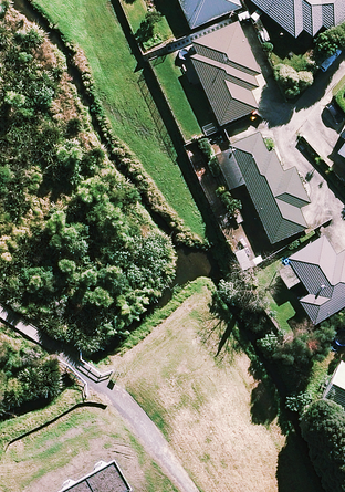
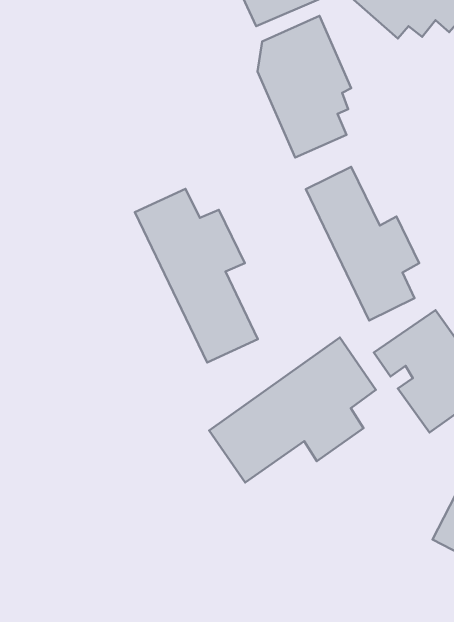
building: none -> [135,189,258,363]
building: none -> [209,338,376,483]

